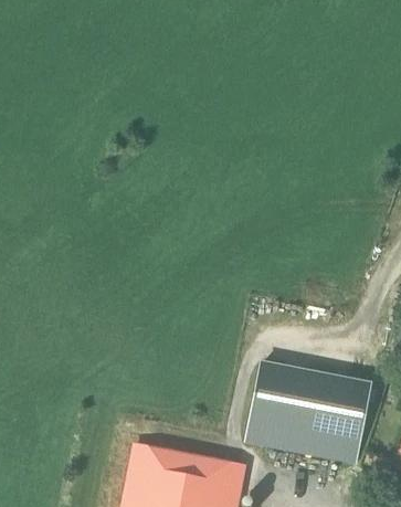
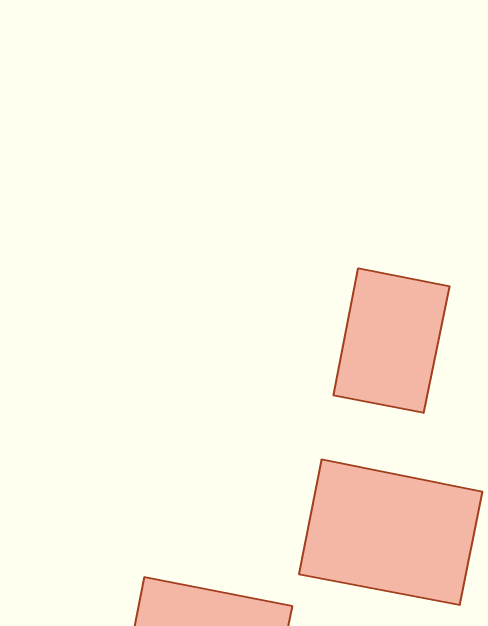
building: none -> [334,268,449,413]

